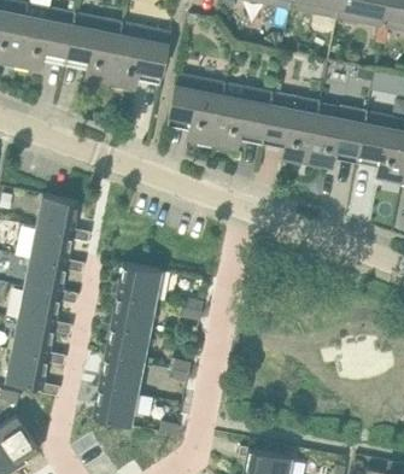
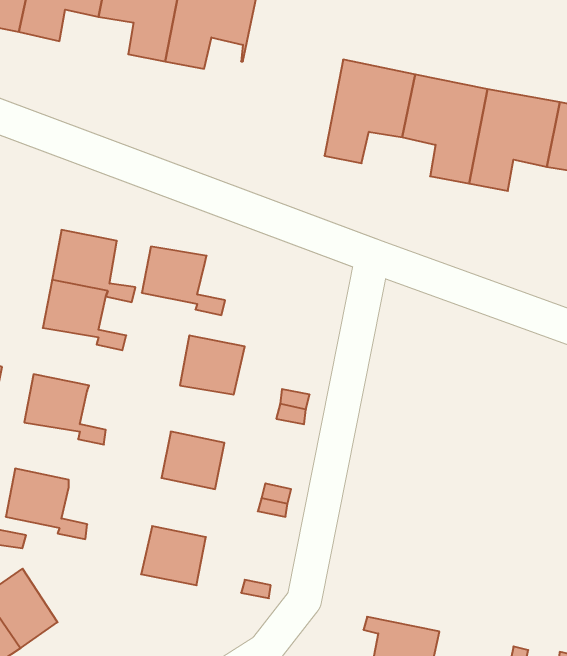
building: [166,74,226,146] -> none
building: [24,258,78,303] -> [142,247,225,315]
building: [113,295,154,333] -> none
building: [12,320,65,364] -> none
building: [101,356,142,394] -> none

